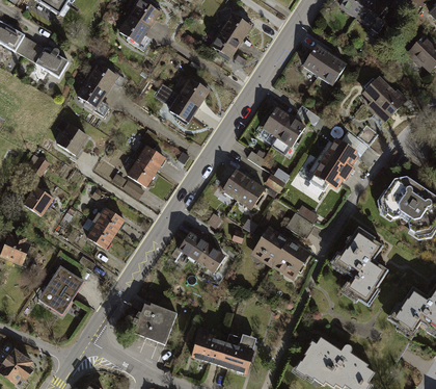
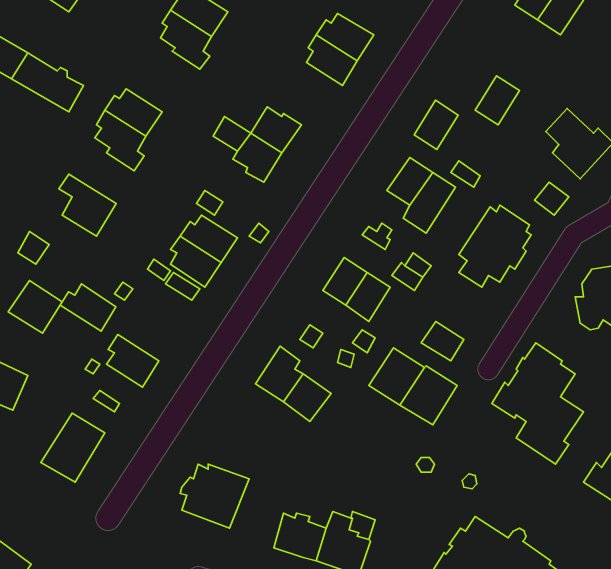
building: [304,46,332,77] -> [414,100,458,149]
building: [92,206,128,236] -> [60,284,116,331]

